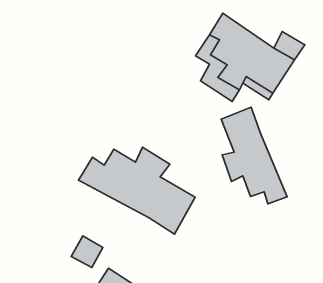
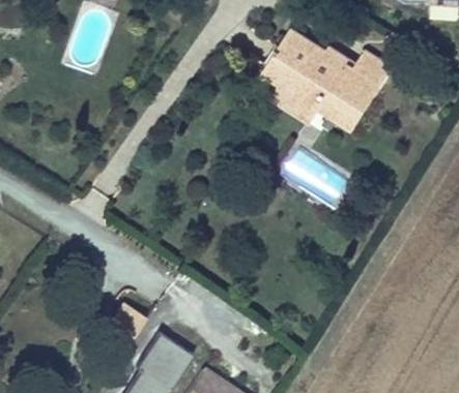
building: [221,107,287,204] -> none
building: [78,147,195,234] -> none

